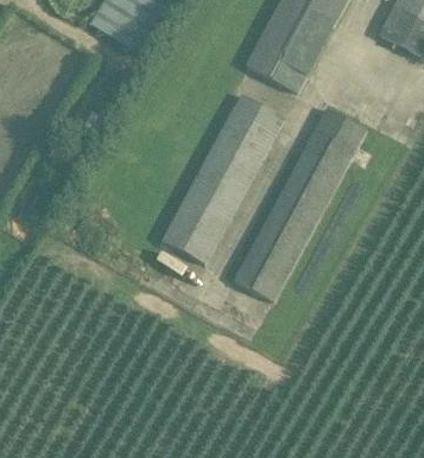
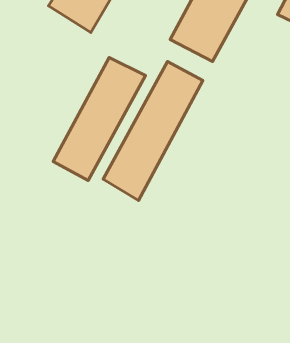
building: none -> [53,58,145,180]
building: [233,106,368,301] -> none

